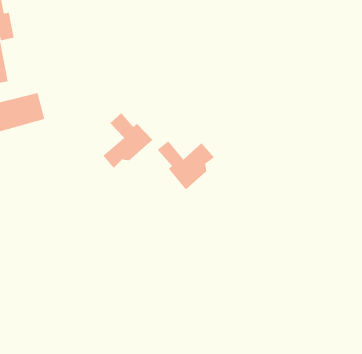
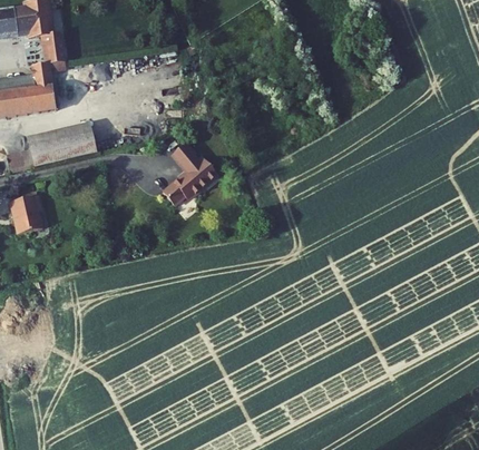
building: [157,141,215,190] -> none

